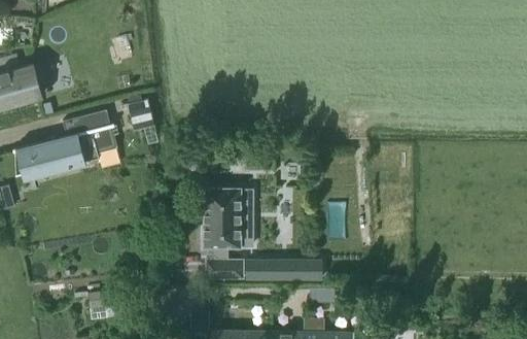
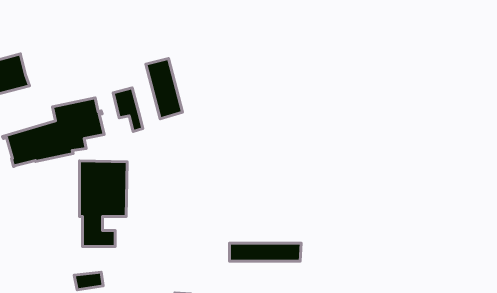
building: none -> [146,58,183,119]
building: [204,189,253,277] -> [79,161,127,246]

